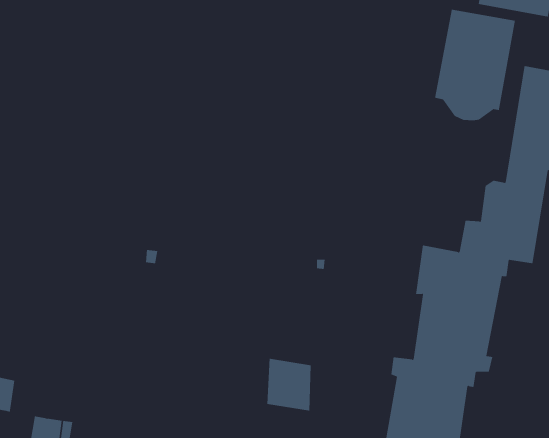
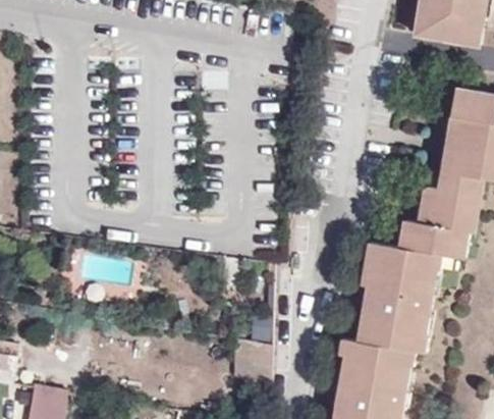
building: [434,9,516,121] -> none

